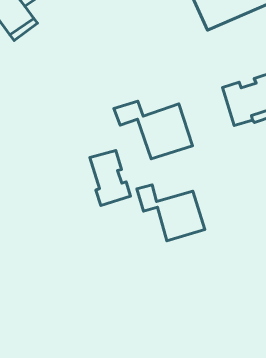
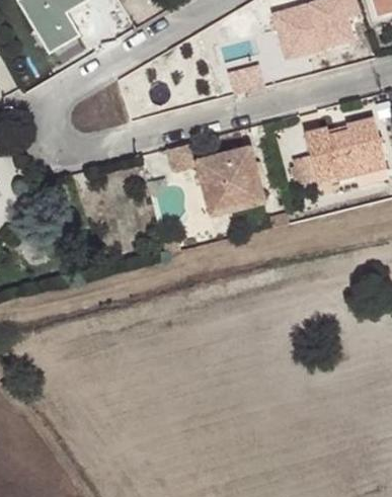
building: [90,150,131,205] -> none
building: [137,185,205,241] -> none

